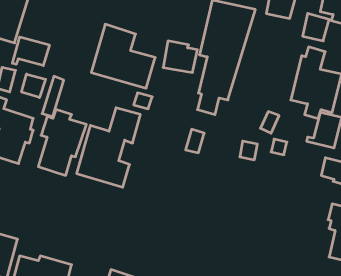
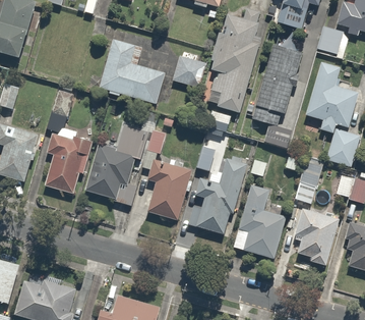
building: none -> [248,46,299,130]
building: [12,37,49,66] -> none
building: [22,74,46,98] -> none
building: none -> [142,130,191,222]
building: none -> [186,158,248,238]
building: none -> [294,158,322,205]
building: none -> [234,186,289,261]
building: none -> [292,209,339,268]

